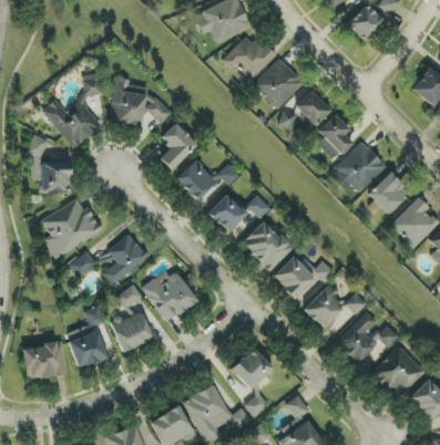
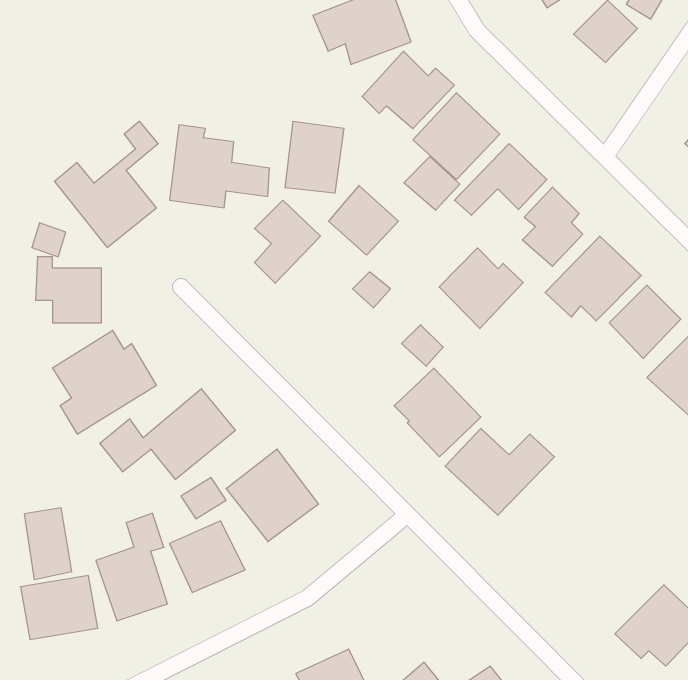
building: none -> [285,121,344,193]
building: none -> [404,157,460,210]
building: none -> [439,248,523,329]
building: [176,158,217,199] -> [329,185,398,255]
building: [208,193,246,231] -> none
building: [304,282,367,328] -> none
building: none -> [25,508,72,580]
building: [336,310,399,364] -> none
building: [231,346,274,390] -> none

